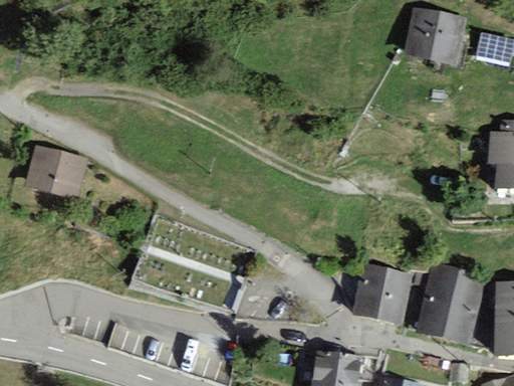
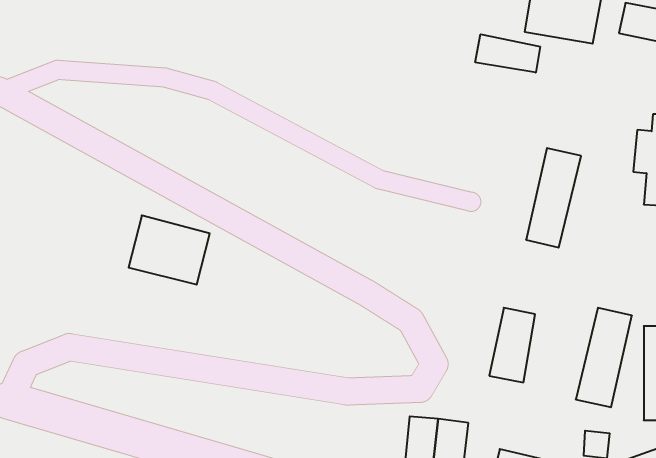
building: none -> [475,34,540,73]
building: [25,144,87,197] -> [129,215,210,285]
building: [418,261,460,338] -> [526,148,581,248]
building: [352,264,388,320] -> none

